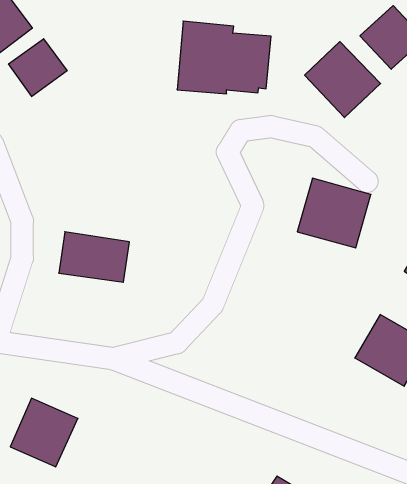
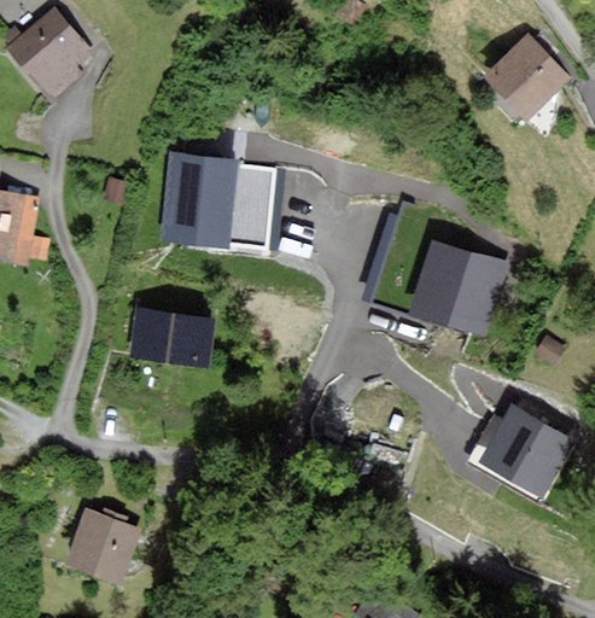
building: [177,21,271,94] -> [164,154,276,241]
building: [9,39,67,97] -> none
building: [305,42,381,118] -> none

